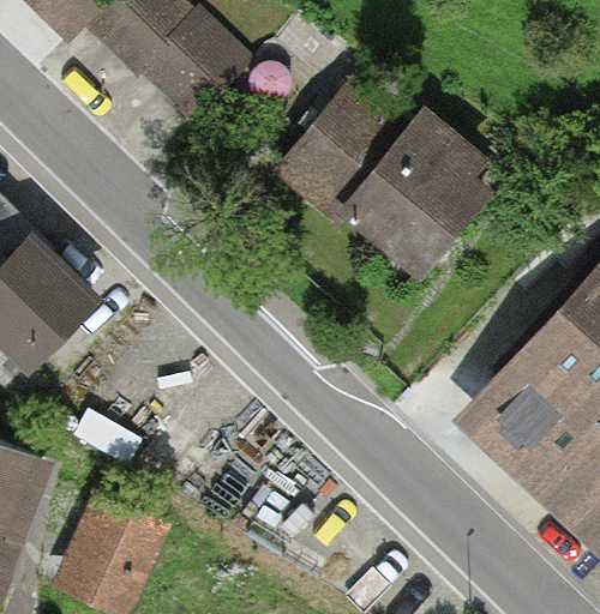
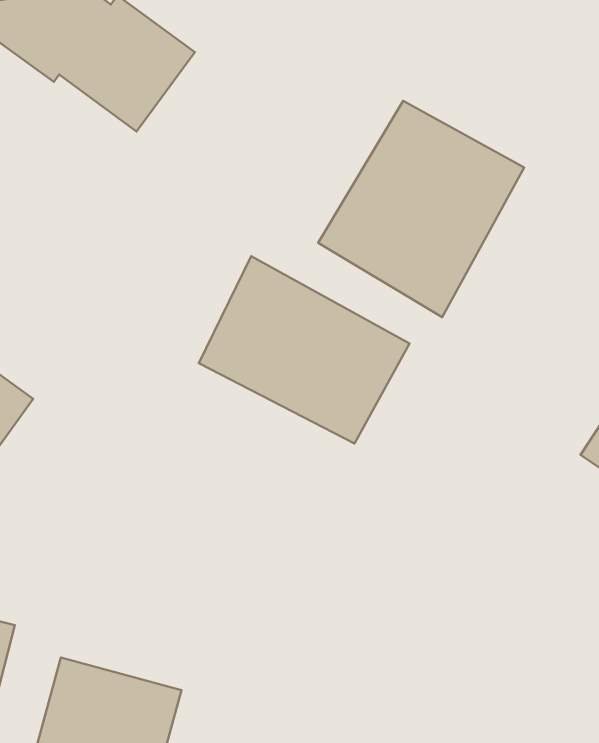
building: [270,79,398,215] -> none
building: none -> [199,256,410,444]

